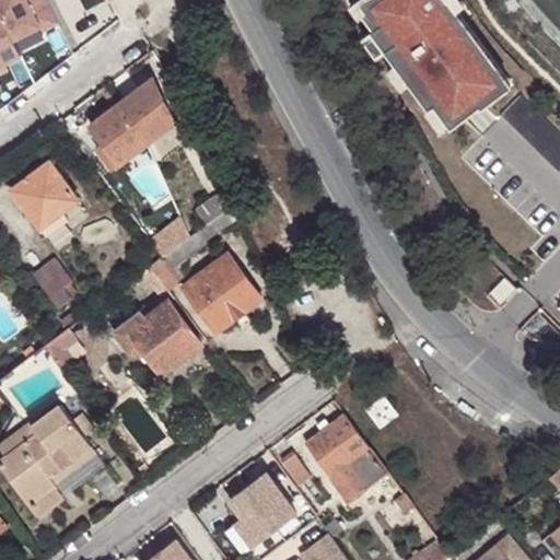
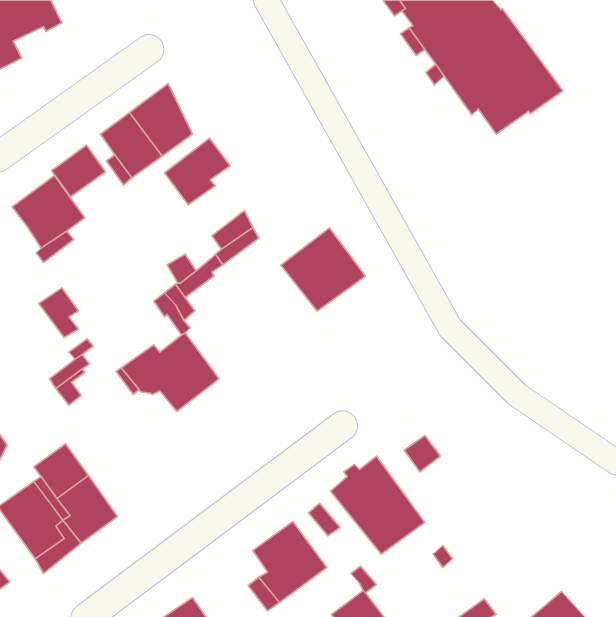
building: none -> [164,138,230,205]
building: none -> [51,145,105,197]
building: [183,255,259,330] -> [281,228,366,311]

